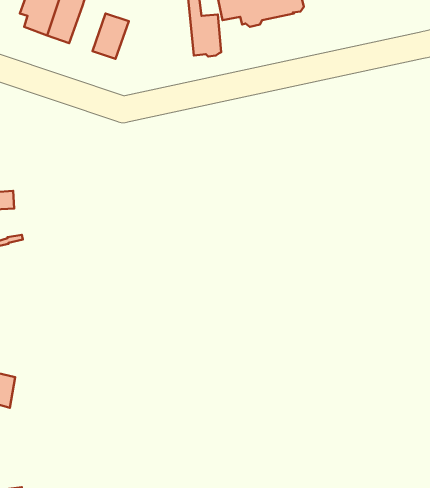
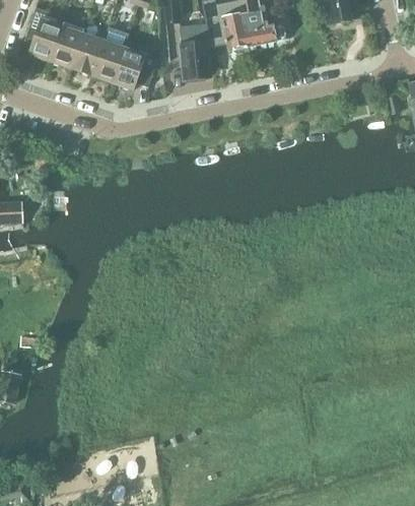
building: none -> [68,33,101,74]
building: none -> [111,47,155,88]

